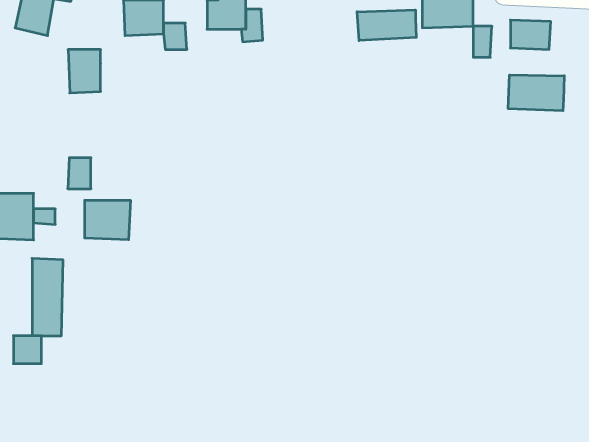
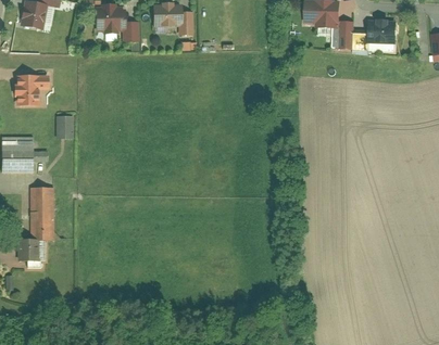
building: [357,10,416,41] -> none
building: [68,50,101,93] -> [15,76,38,106]
building: [508,75,564,111] -> none
building: [85,200,130,240] -> none

